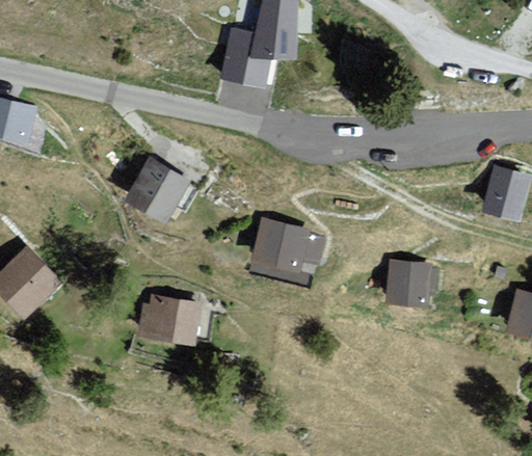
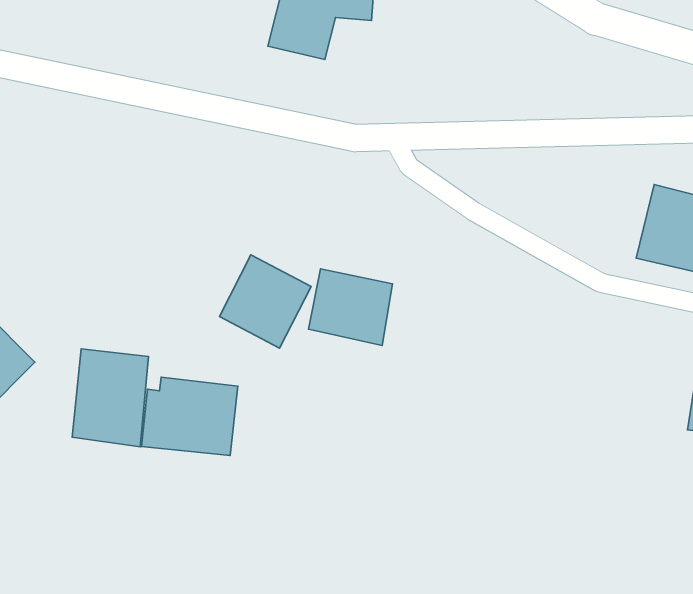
building: [125,159,188,223] -> [219,255,311,348]
building: [385,263,434,309] -> none
building: none -> [72,349,148,447]

